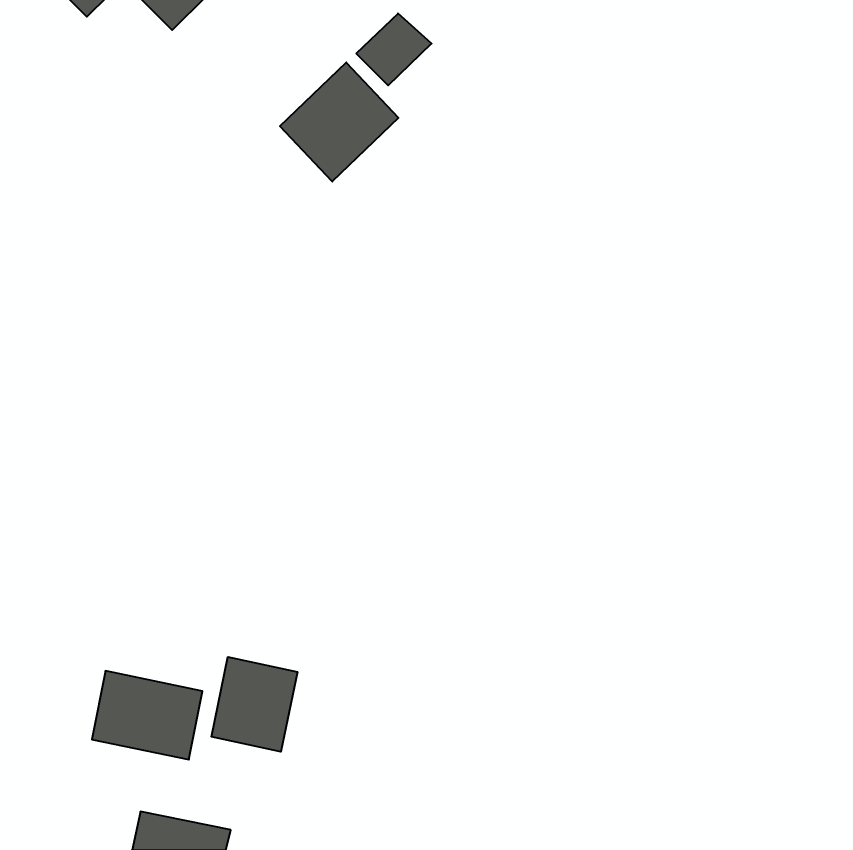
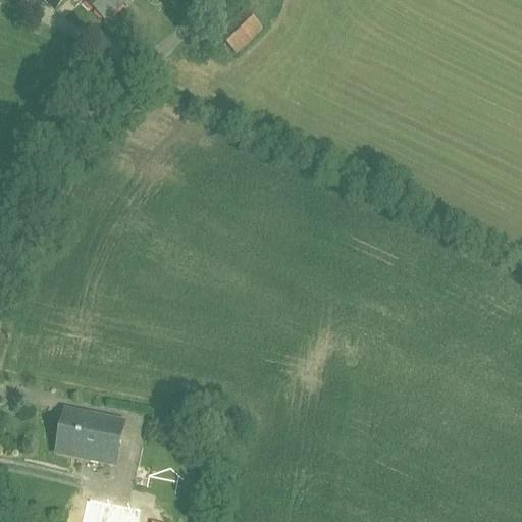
building: [280,62,398,182] -> none
building: [211,657,297,752] -> none

